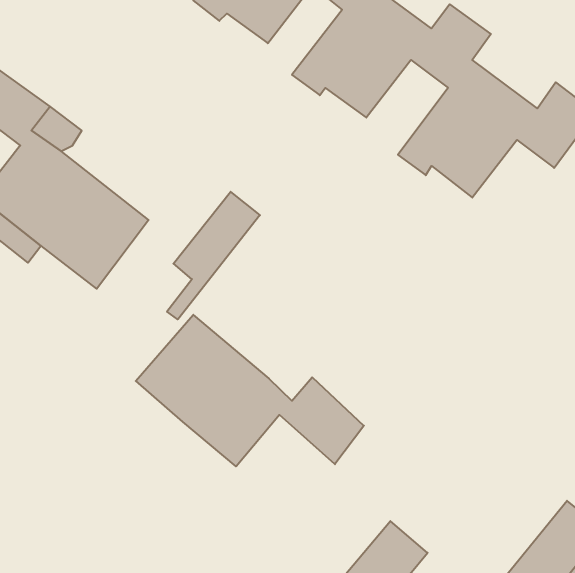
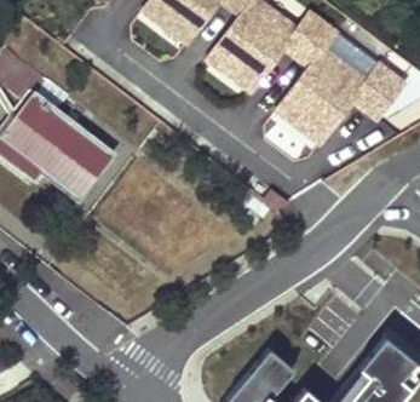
building: [167,192,260,319] -> none
building: [136,315,364,466] -> none

